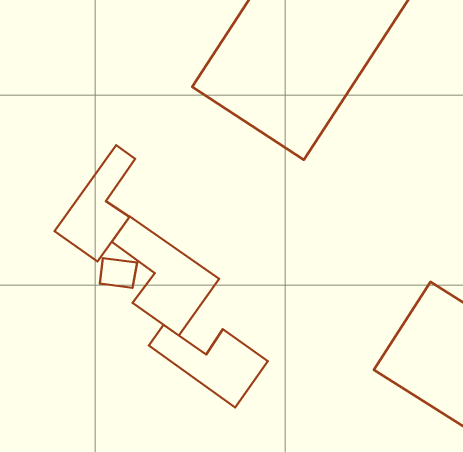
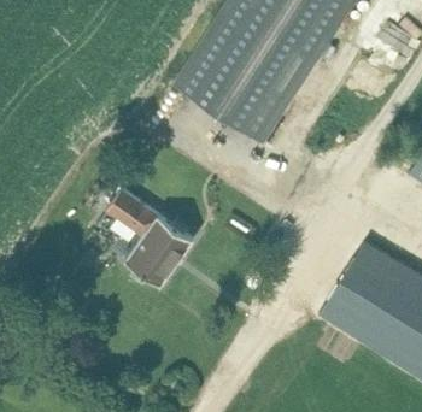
building: [54,145,135,262] -> none
building: [149,325,268,407] -> none

